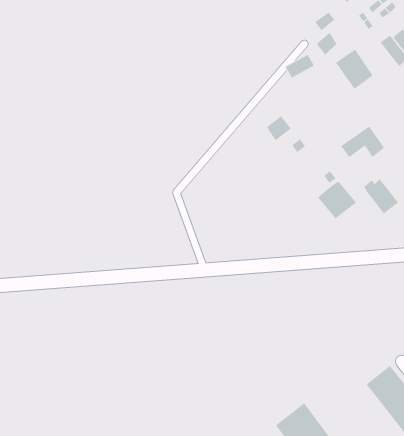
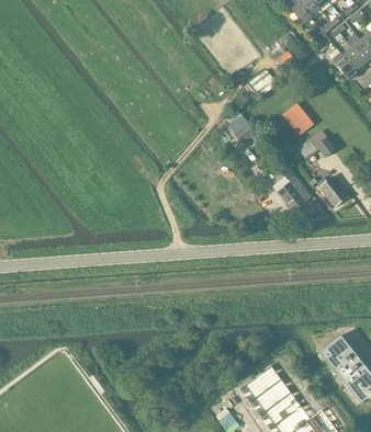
building: [335,49,373,90] -> [284,100,317,135]

